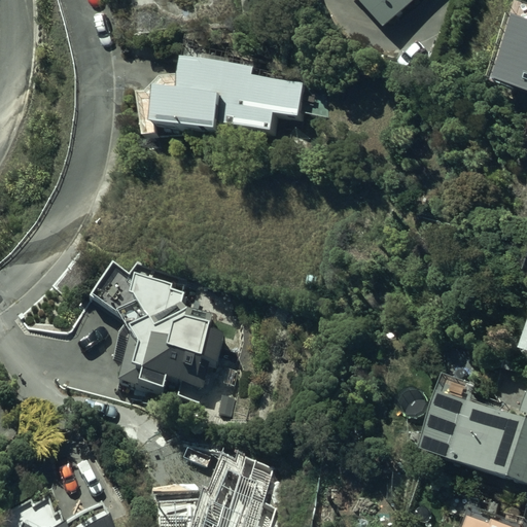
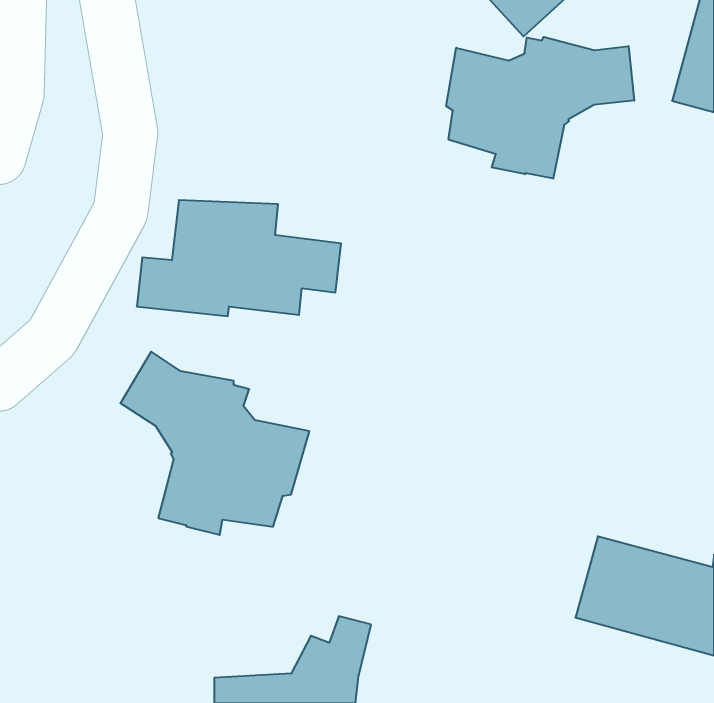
building: none -> [446,37,634,179]
building: [156,49,307,135] -> [137,200,341,316]

